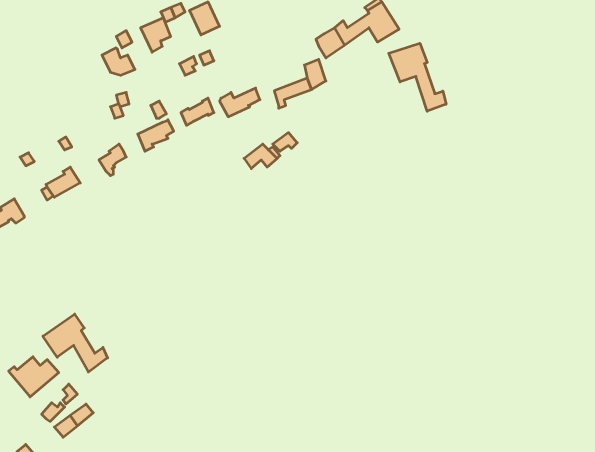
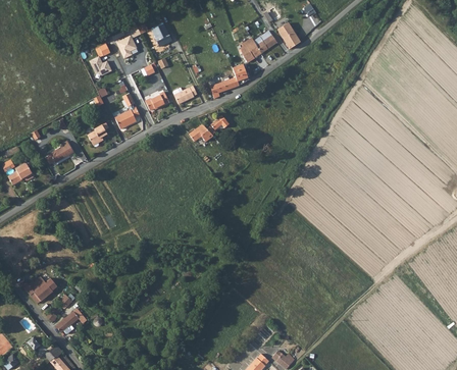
building: [389,43,446,111] -> none
building: [43,314,108,372] -> none

